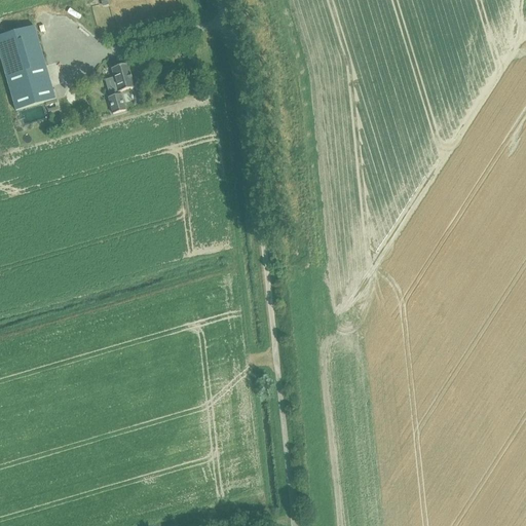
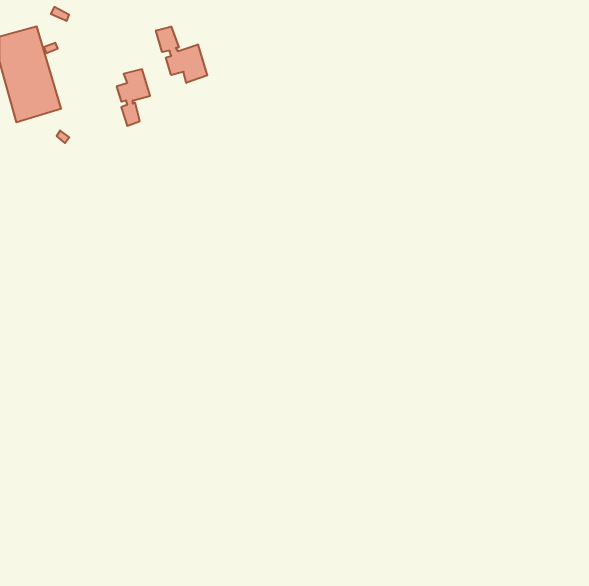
building: none -> [156,27,207,83]

